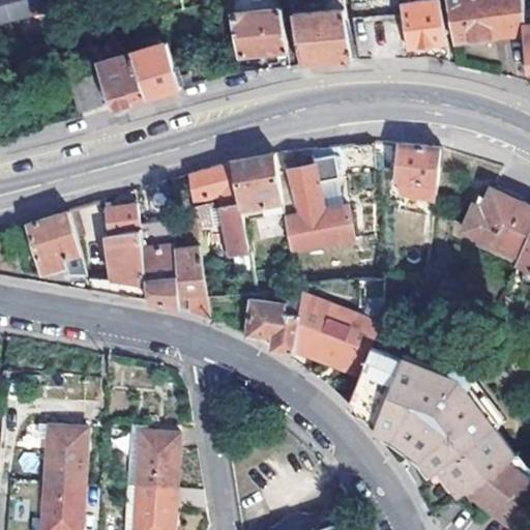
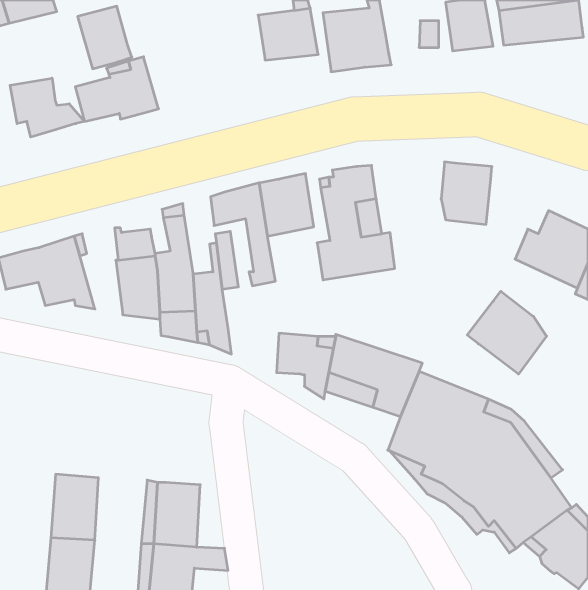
building: [128,42,177,98] -> [78,6,132,69]
building: none -> [10,78,84,137]
building: none -> [467,291,547,374]

